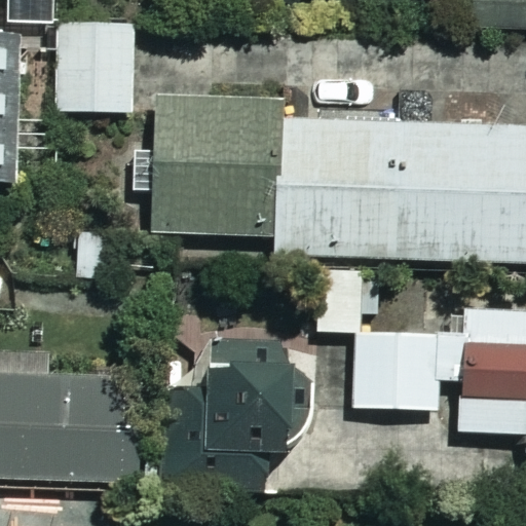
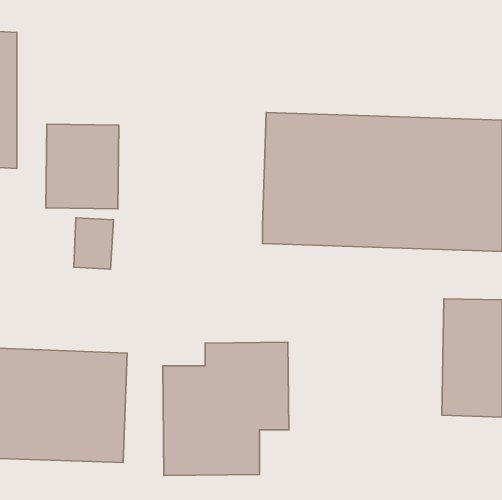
building: [59,23,135,111] -> [46,124,119,209]
building: [153,100,278,235] -> none
building: [354,333,459,409] -> none

